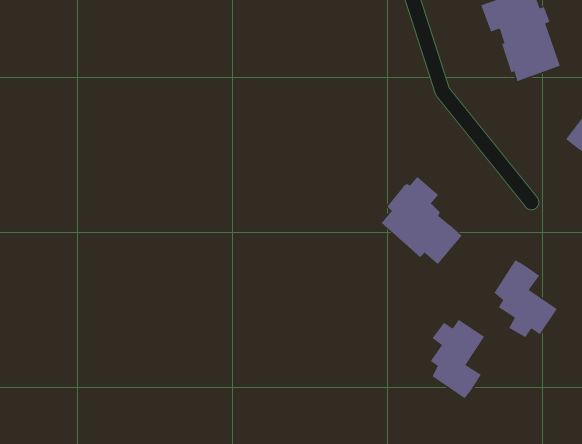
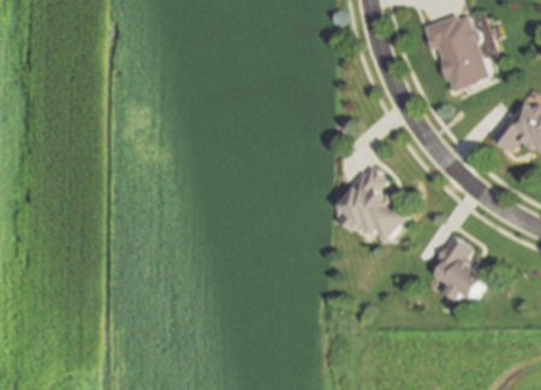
building: [430,319,485,399] -> none

